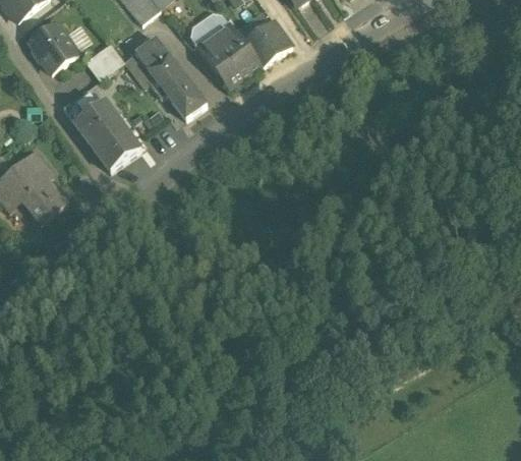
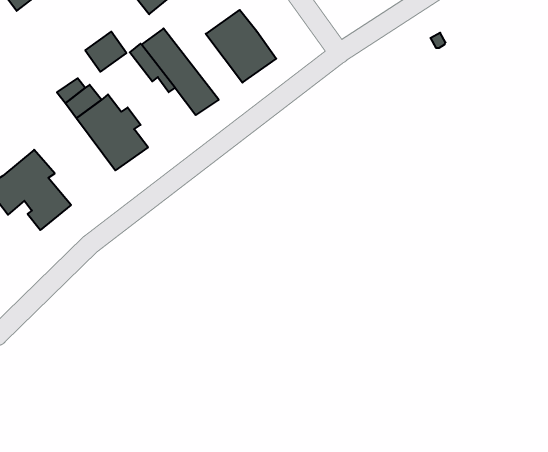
building: [242,18,290,64] -> none
building: [31,22,78,71] -> none

